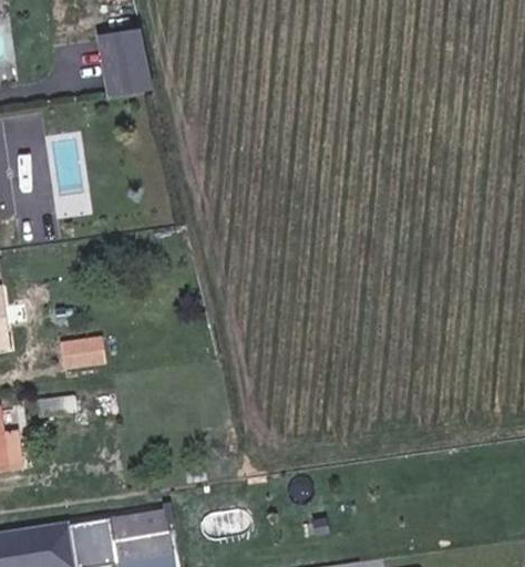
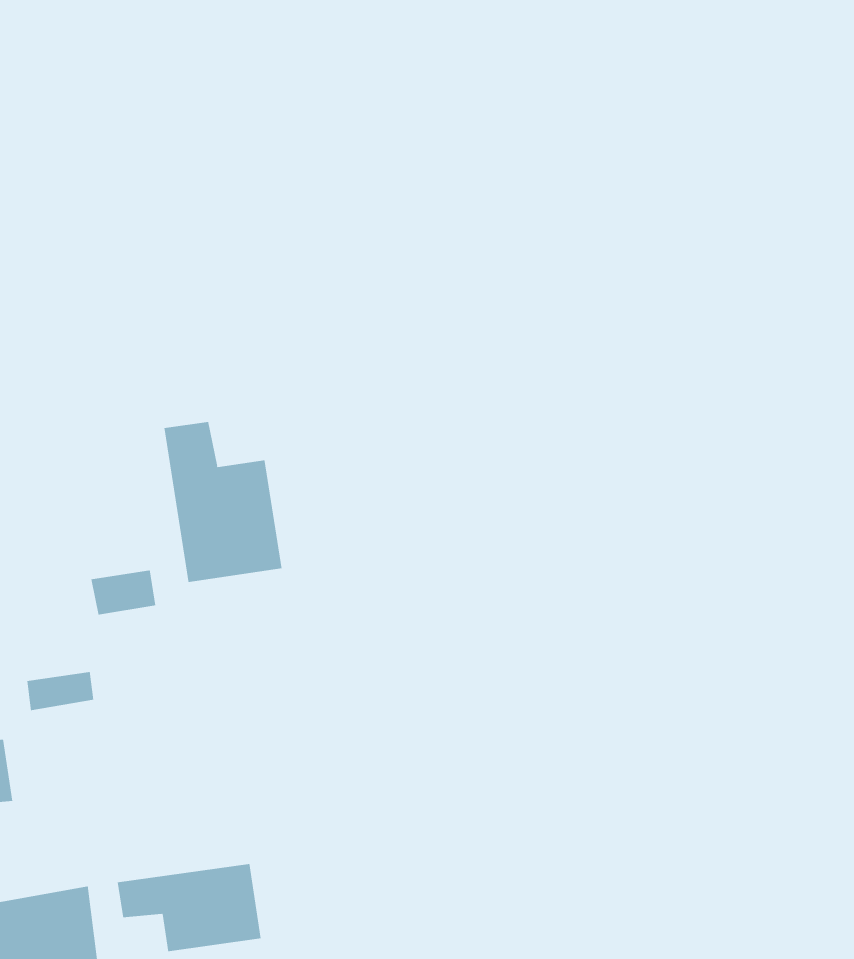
building: [95,27,152,99] -> none
building: none -> [164,421,282,583]

